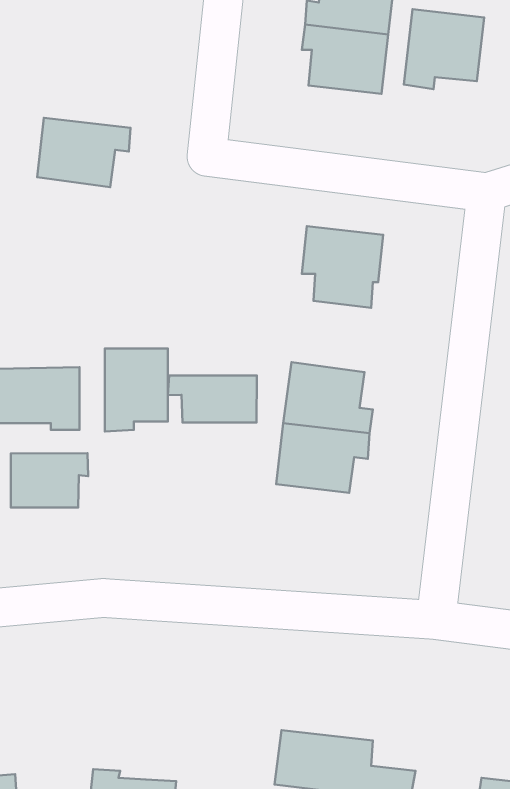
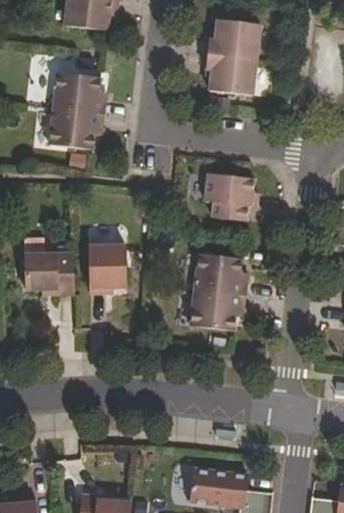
building: [404,9,484,89] -> none
building: none -> [53,72,106,114]
building: [168,375,257,423] -> none
building: [11,453,88,507] -> none

